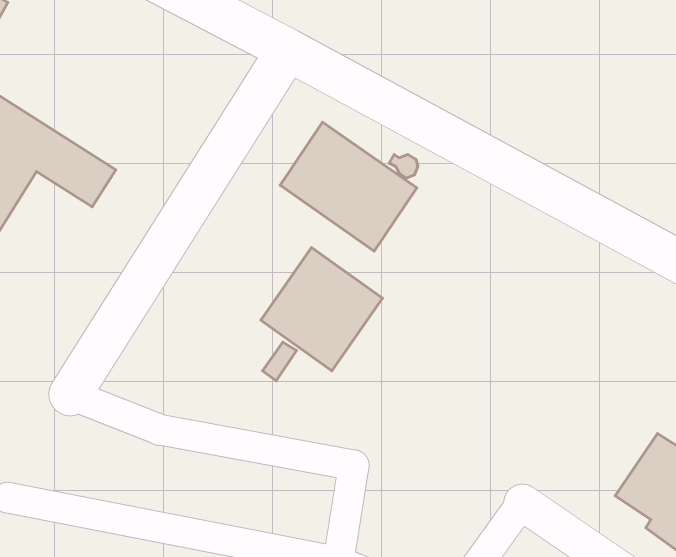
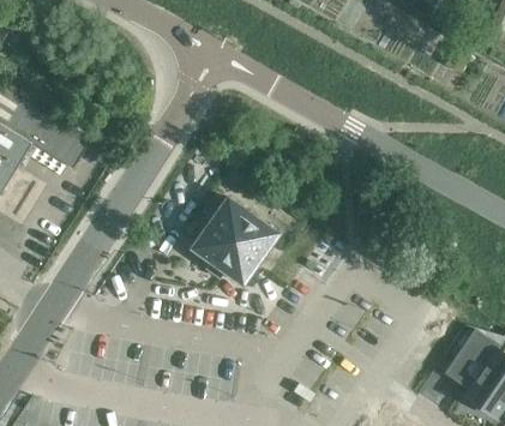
building: [280,122,417,251] -> none

